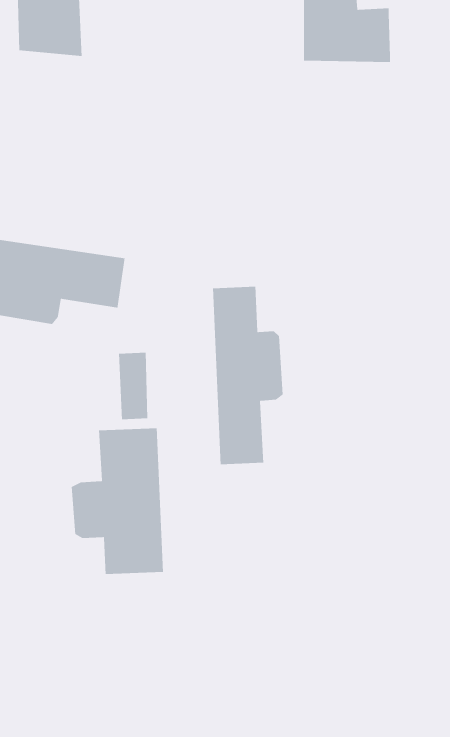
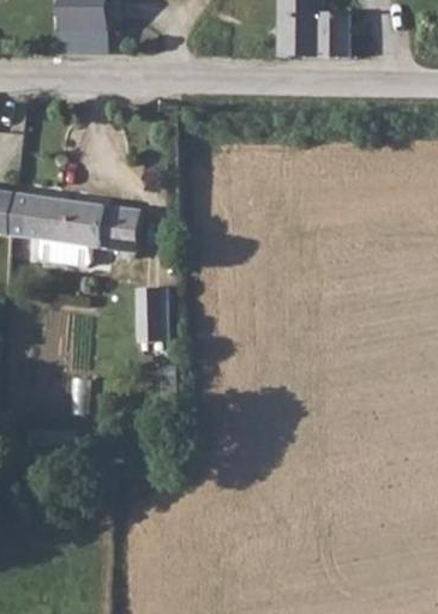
building: [212,286,283,465] -> none
building: [71,427,164,575] -> none

